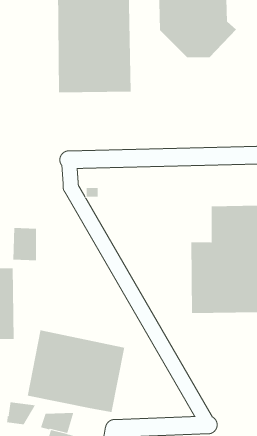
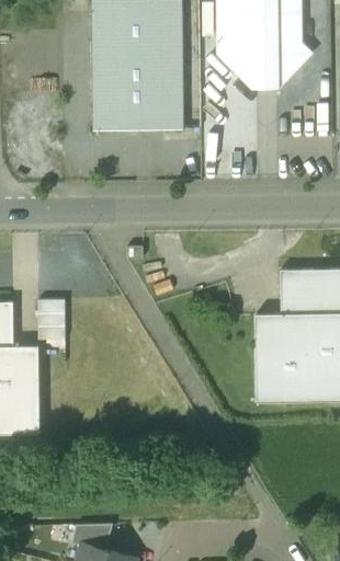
building: [27,330,125,413] -> none
building: [7,401,36,425] -> none

